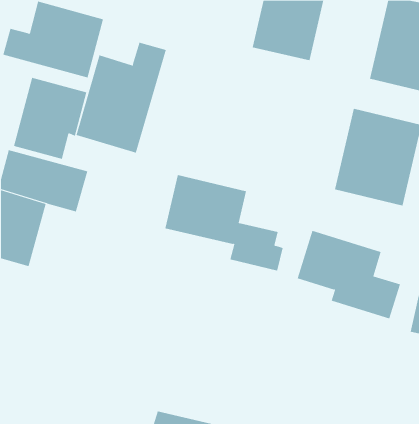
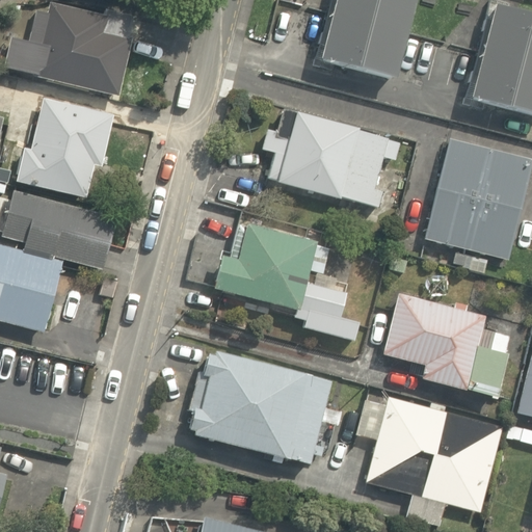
building: [76,42,167,153] -> none
building: none -> [261,109,401,211]
building: none -> [185,348,330,463]
building: none -> [364,397,504,524]

